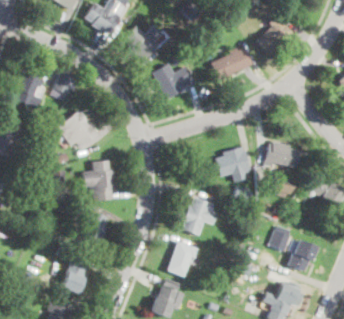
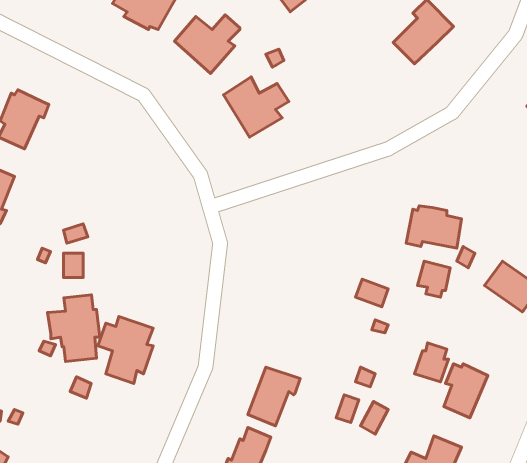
building: [211,47,255,81] -> none
building: [52,73,79,101] -> none
building: [58,110,99,148] -> none
building: [216,147,252,183] -> none
building: [84,161,116,202] -> [48,295,100,362]
building: [183,197,219,236] -> none
building: [61,261,89,295] -> none

